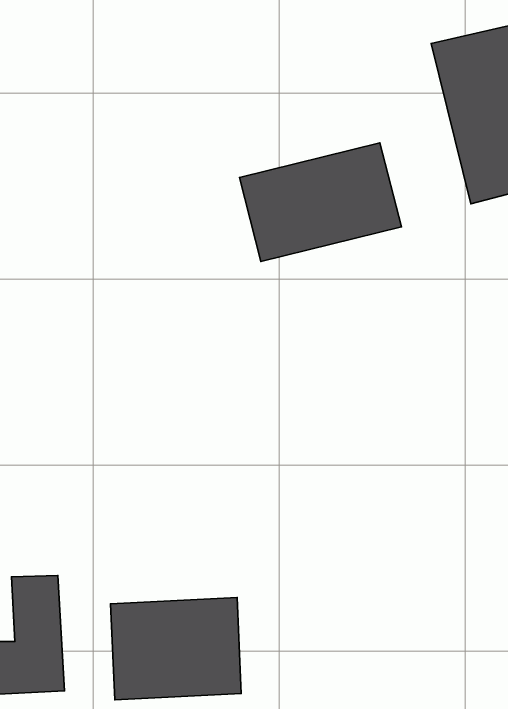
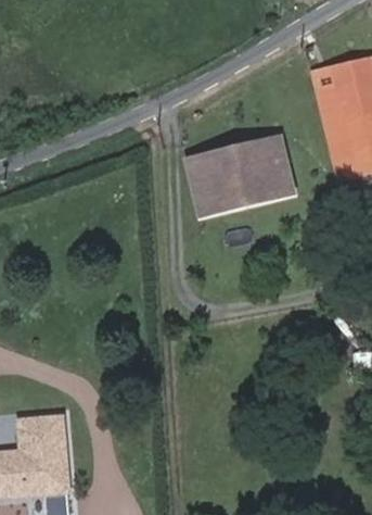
building: [111,597,241,700] -> none

